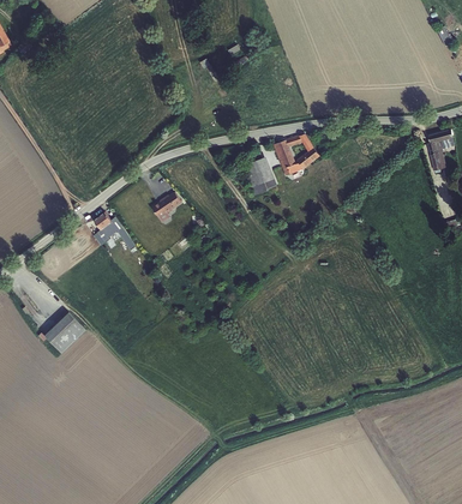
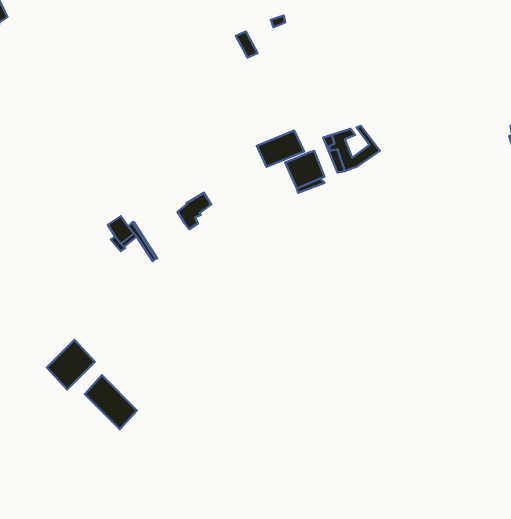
building: none -> [257,130,304,167]
building: none -> [85,375,137,429]

